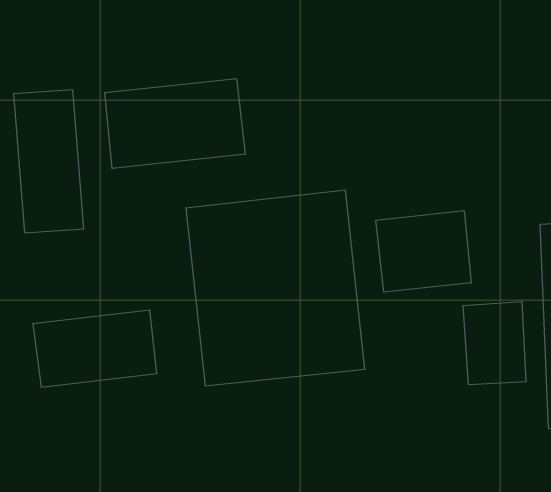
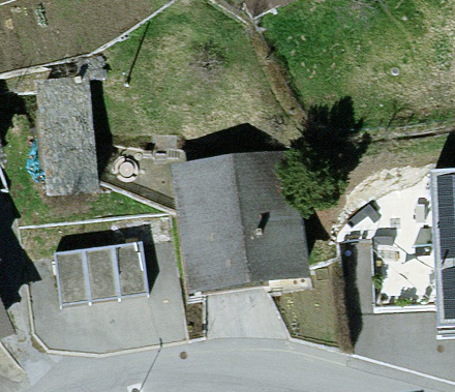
building: [105,79,245,169] -> none
building: [376,211,471,292] -> none

